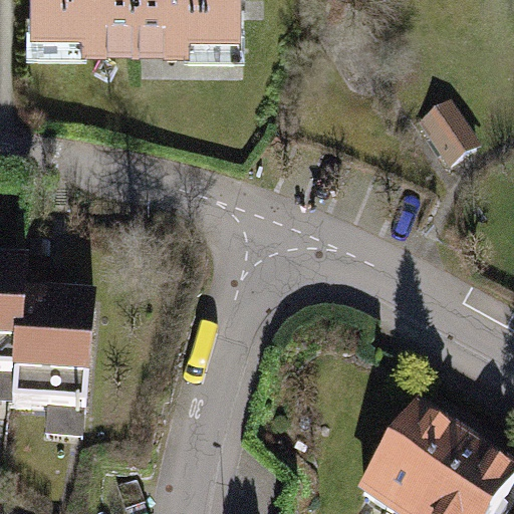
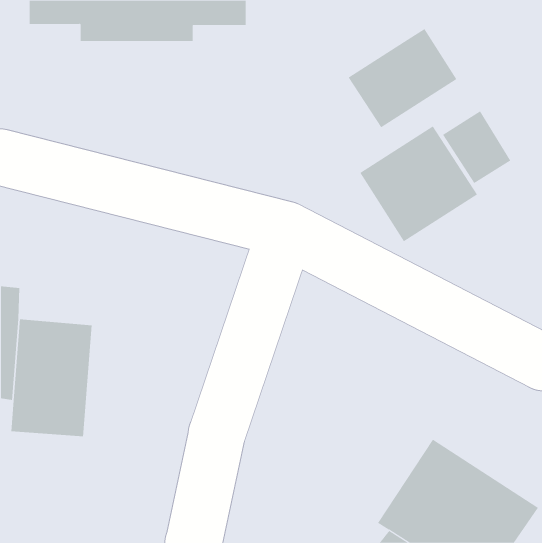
building: none -> [348,28,457,128]
building: none -> [360,126,478,242]

